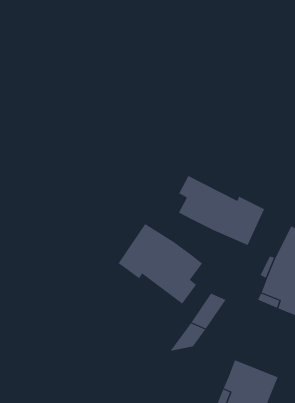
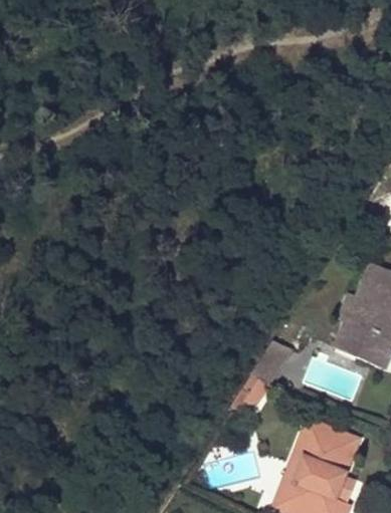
building: [178,175,265,246] -> none
building: [118,223,203,304] -> none

